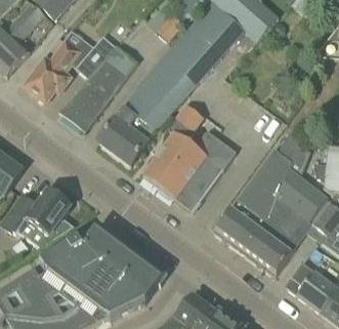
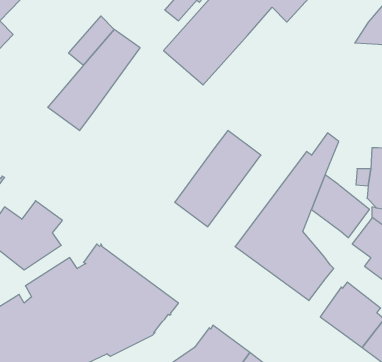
building: [25,29,89,101] -> none
building: [98,65,188,165] -> none
building: [143,105,204,191] -> none
building: [271,197,303,236] -> none

